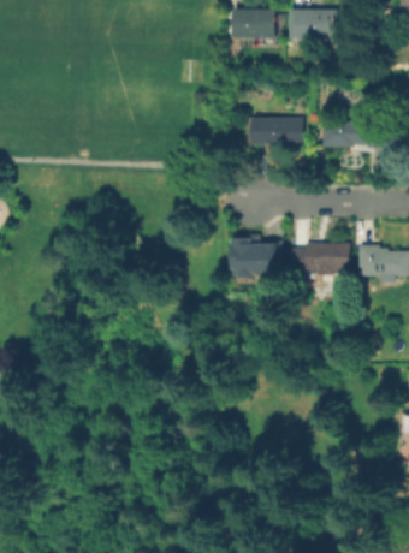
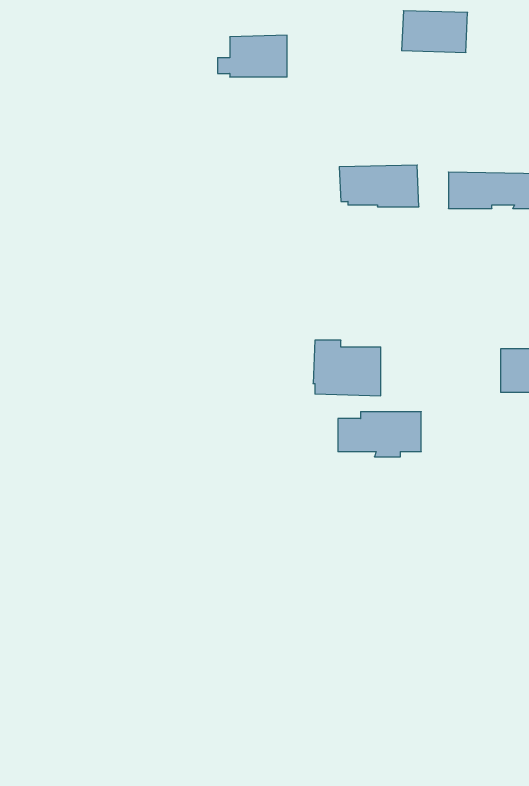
building: [225,8,273,37] -> [218,35,287,77]
building: [290,243,348,274] -> [338,412,421,457]

